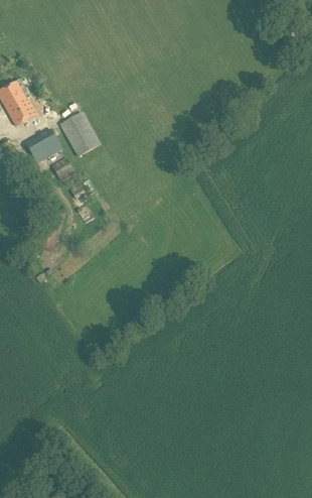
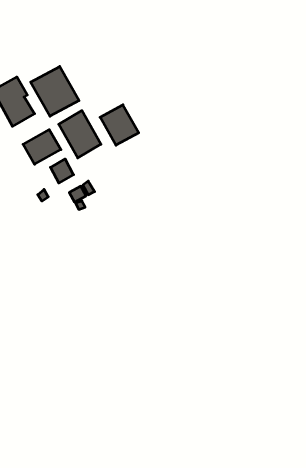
building: none -> [31,66,79,116]
building: none -> [100,105,139,145]

